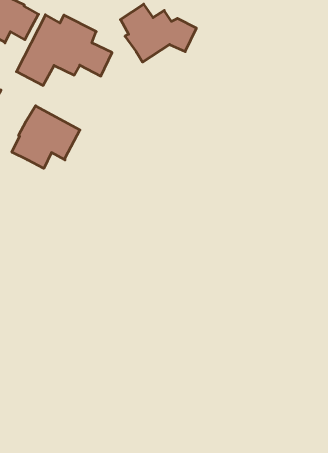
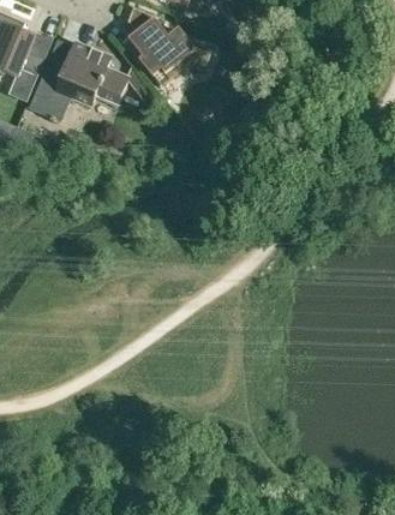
building: [12,106,80,168] -> none

